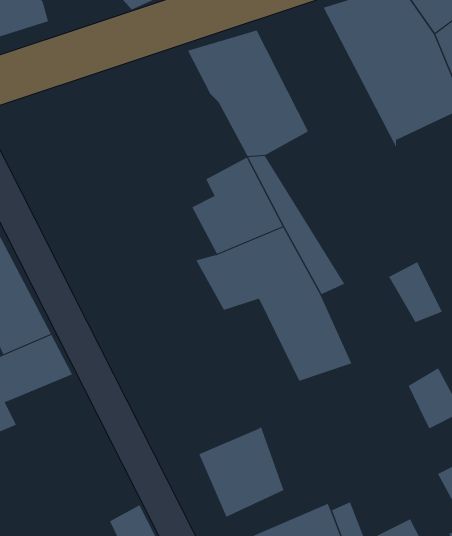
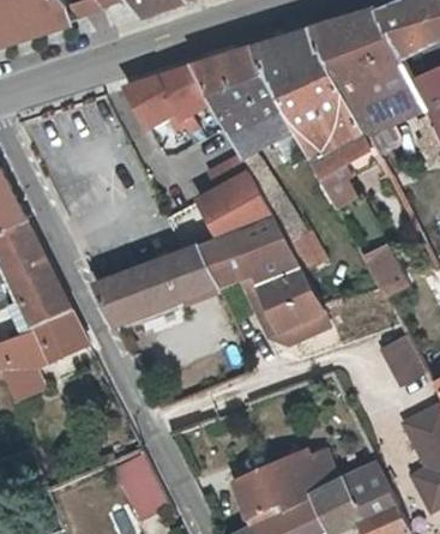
building: none -> [249,25,369,209]
building: none -> [125,62,209,130]
building: none -> [91,242,221,326]
building: [198,426,284,517] -> none

